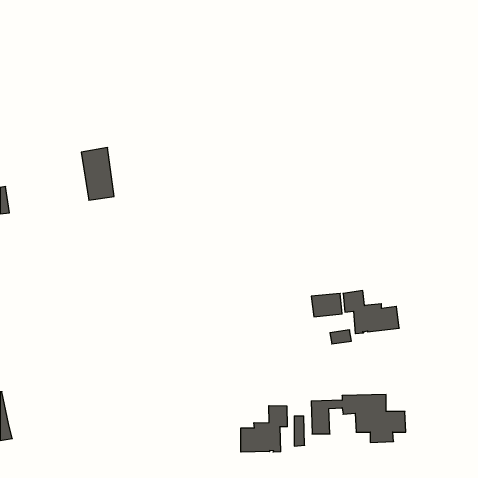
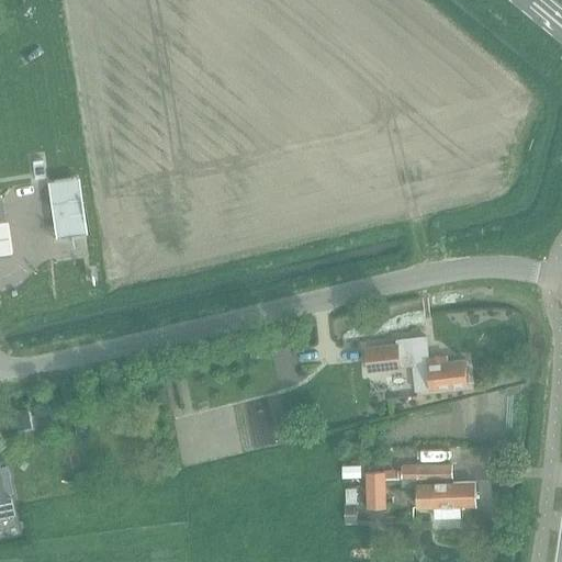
building: [81,148,114,200] -> [46,177,85,238]
building: [241,406,287,452] -> none

